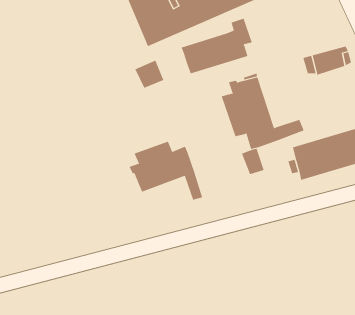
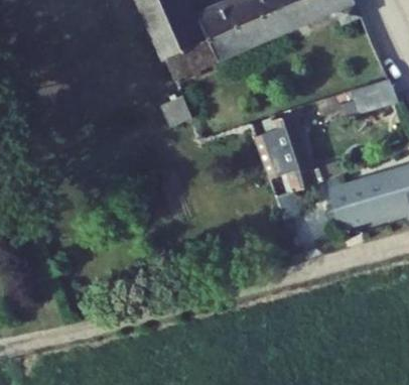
building: [181,18,253,74] -> none
building: [129,141,203,200] -> none

